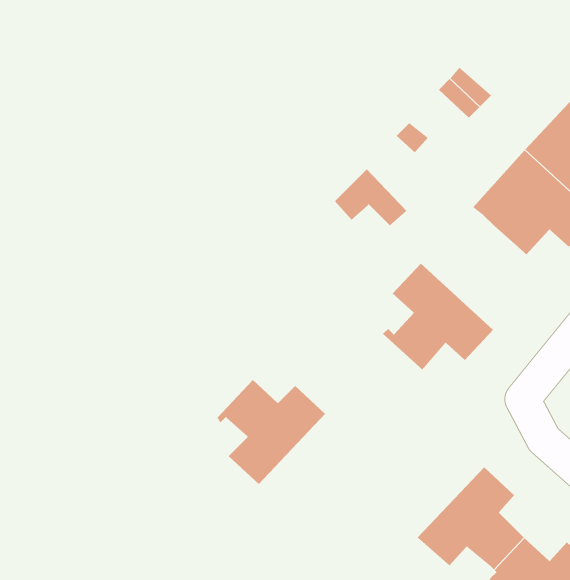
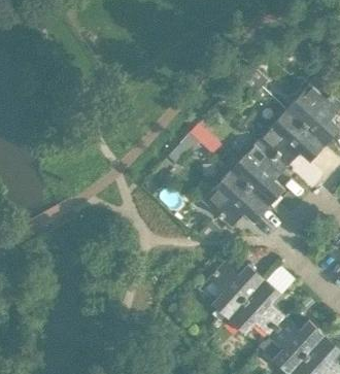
building: none -> [230,140,286,206]
building: [216,379,326,485] -> [205,261,264,317]

